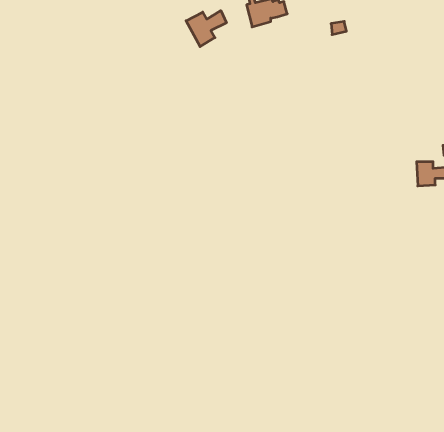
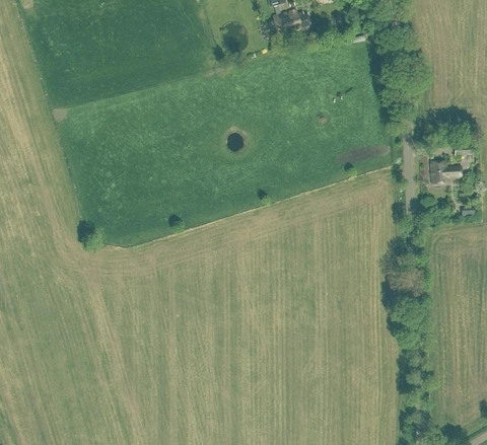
building: [186,11,226,47] -> none

